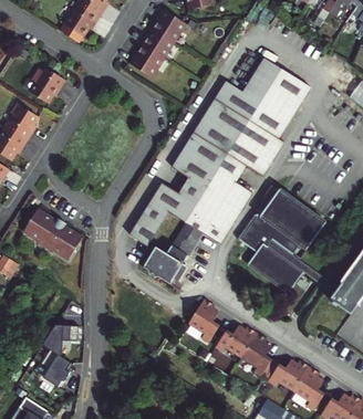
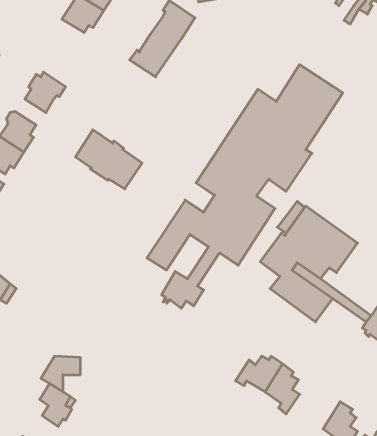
building: [23,206,83,259] -> [76,130,142,189]
building: [189,297,221,342] -> none
building: [266,357,310,389] -> none

